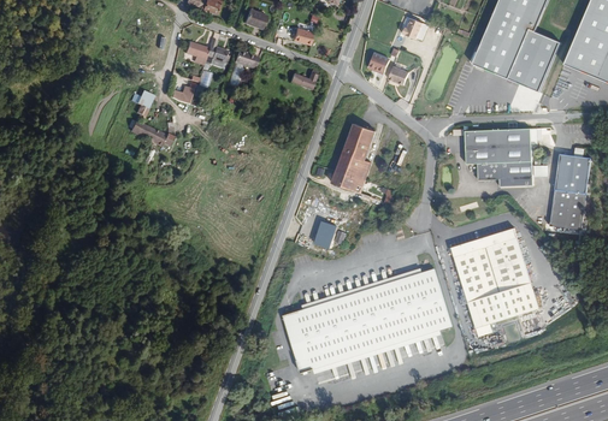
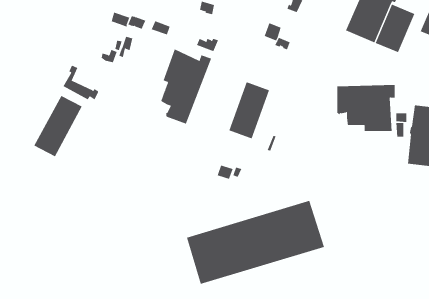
building: none -> [161,49,212,124]
building: none -> [34,95,82,157]
building: [448,229,536,337] -> none

